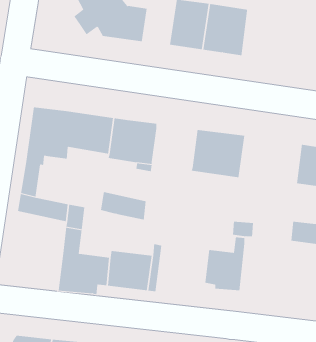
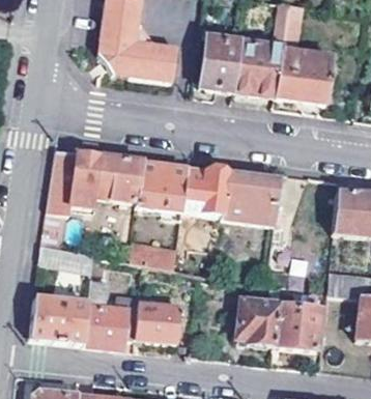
building: none -> [276,49,333,104]
building: none -> [181,171,228,215]
building: none -> [274,294,318,349]
building: none -> [29,296,87,344]

